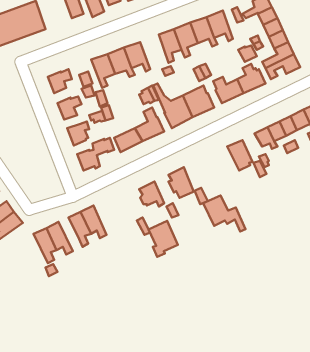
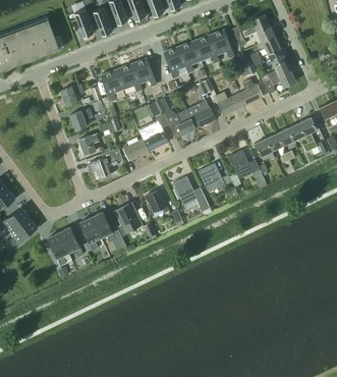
building: [203,195,246,231] -> [198,164,237,198]
building: [149,221,178,257] -> [114,202,142,235]

